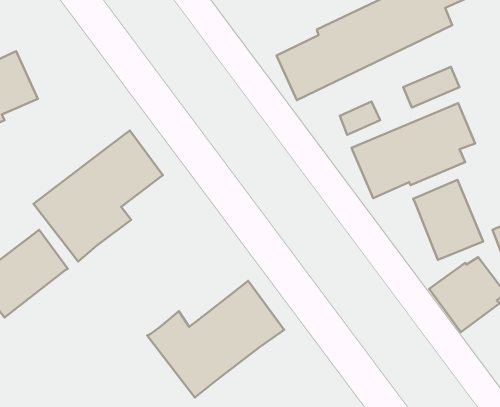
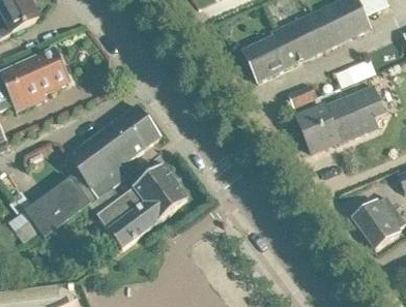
building: [413,180,483,260] -> none
building: [147,281,284,397] -> [89,164,187,248]

